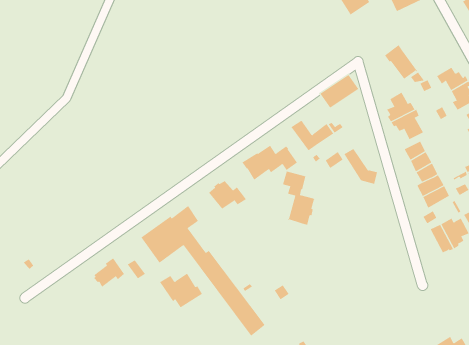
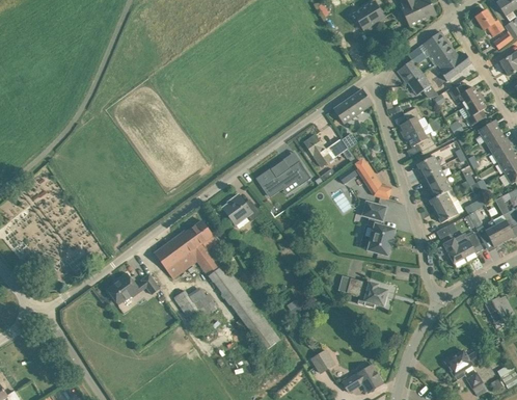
building: none -> [407,30,470,80]
building: [282,171,315,225] -> [361,201,394,255]
building: none -> [346,277,386,306]

